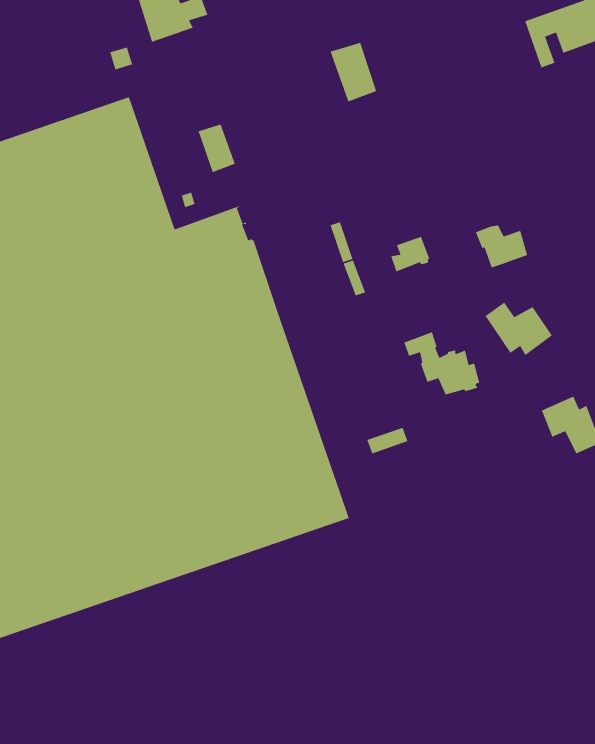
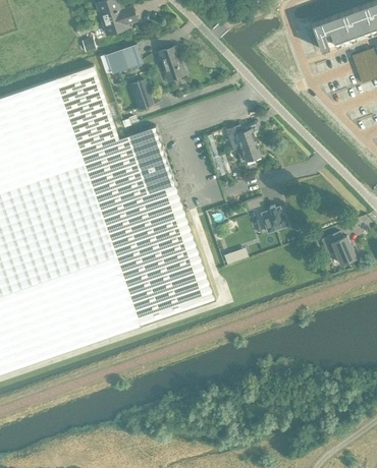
building: [330,42,377,102] -> [156,48,182,81]
building: none -> [104,45,141,73]
building: [475,224,528,268] -> [224,126,254,151]
building: [484,302,553,356] -> none

